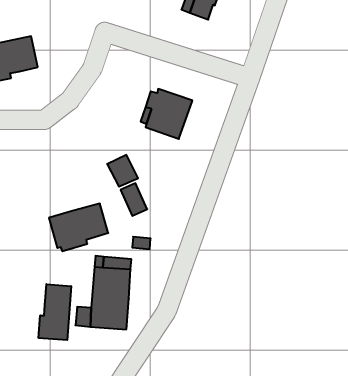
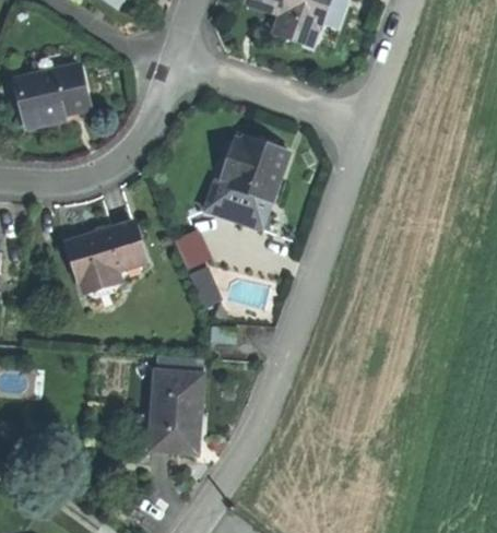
building: none -> [202,183,270,234]
building: [49,204,108,251] -> [66,226,143,288]
building: [39,284,71,340] -> none

